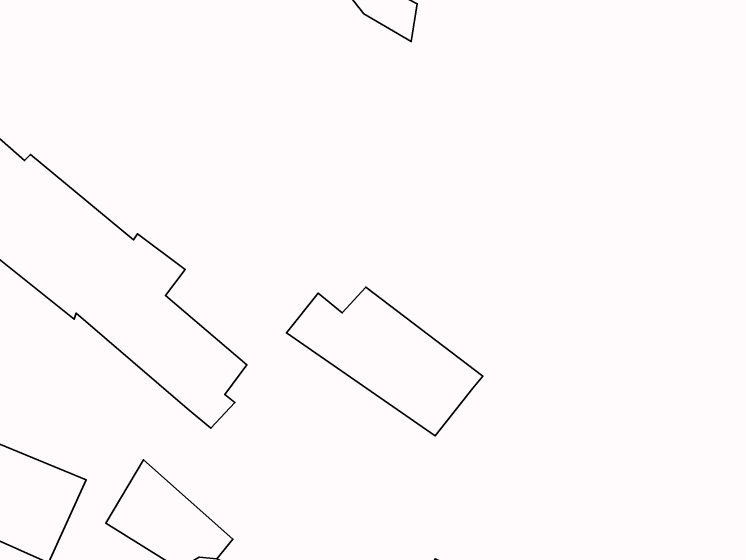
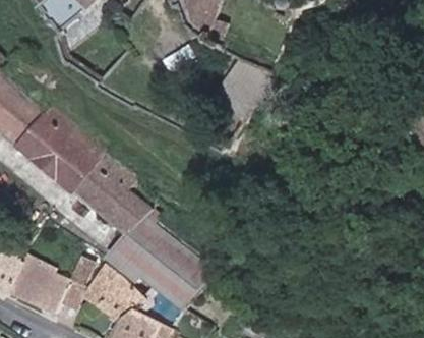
building: [287,287,483,436] -> [106,231,206,307]

